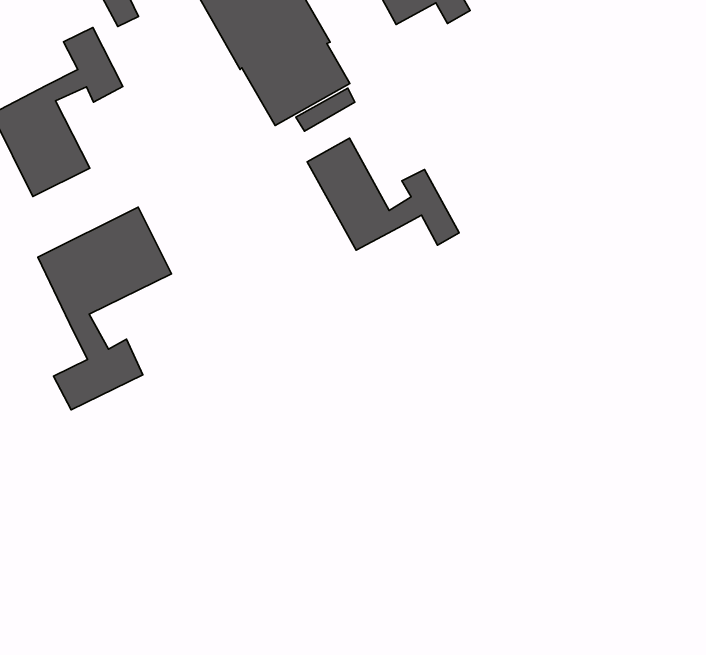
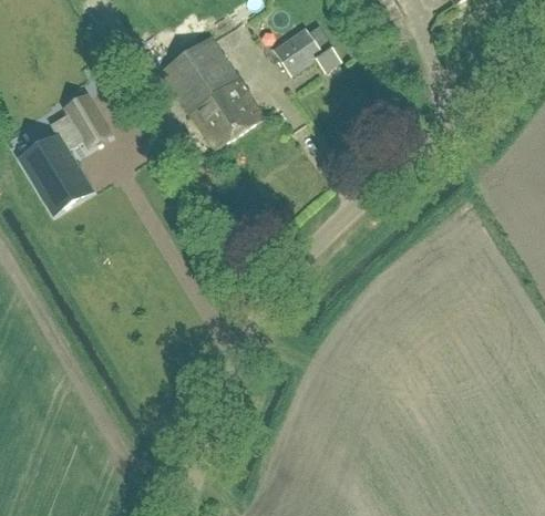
building: [307,138,459,250] -> none
building: [38,207,171,410] -> none

